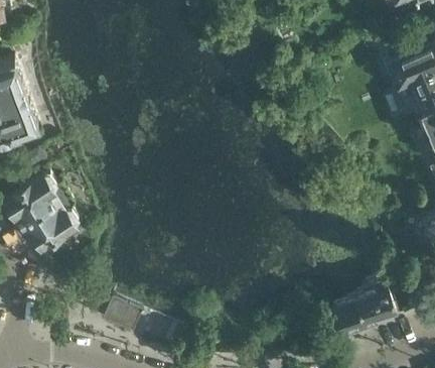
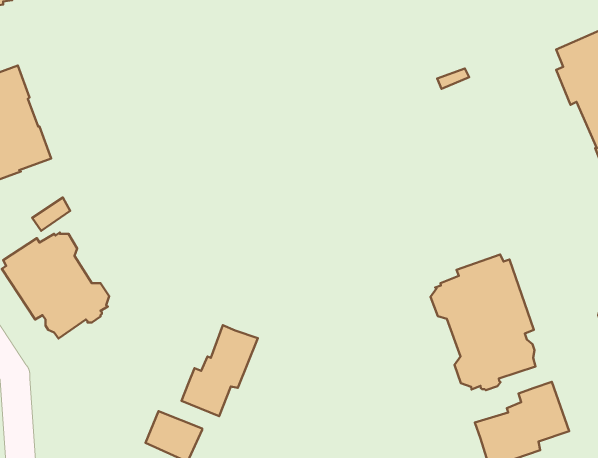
building: none -> [430,254,536,390]
building: none -> [181,325,258,416]

